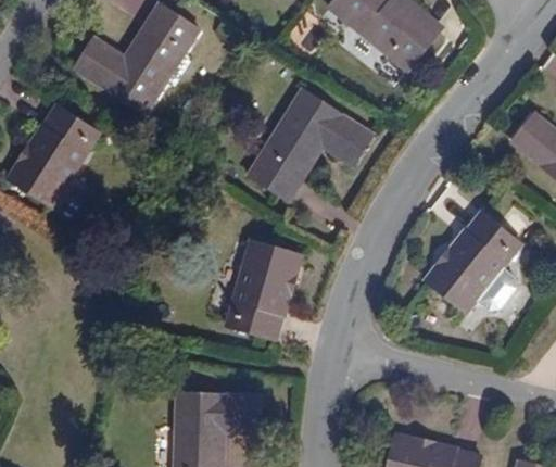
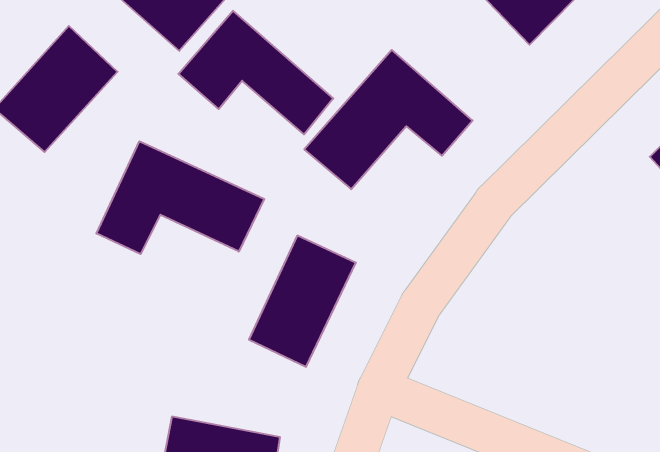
building: none -> [178,11,333,134]
building: none -> [96,141,264,254]
building: [424,211,520,313] -> none

